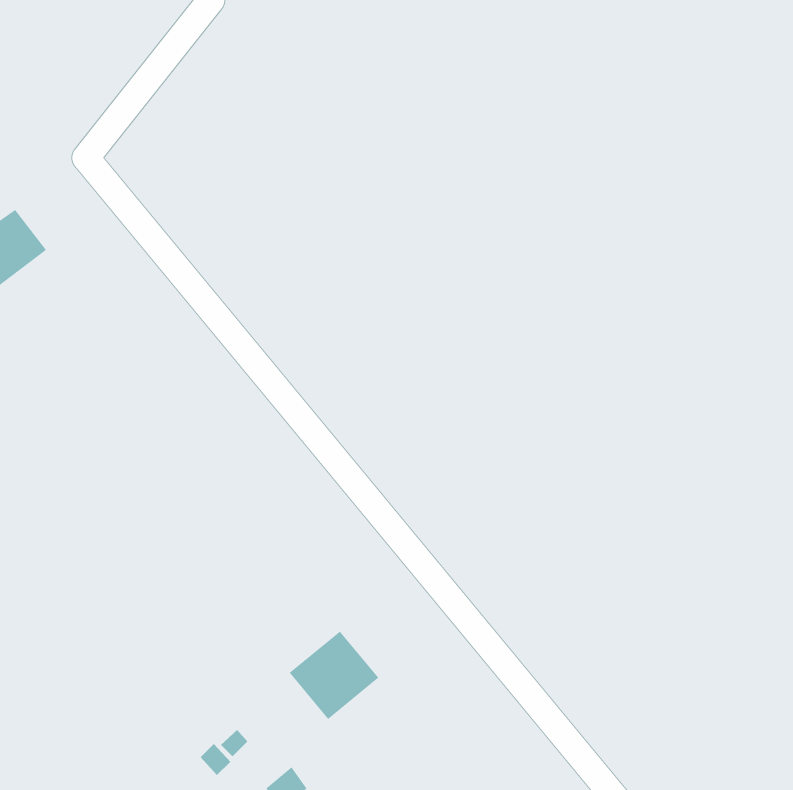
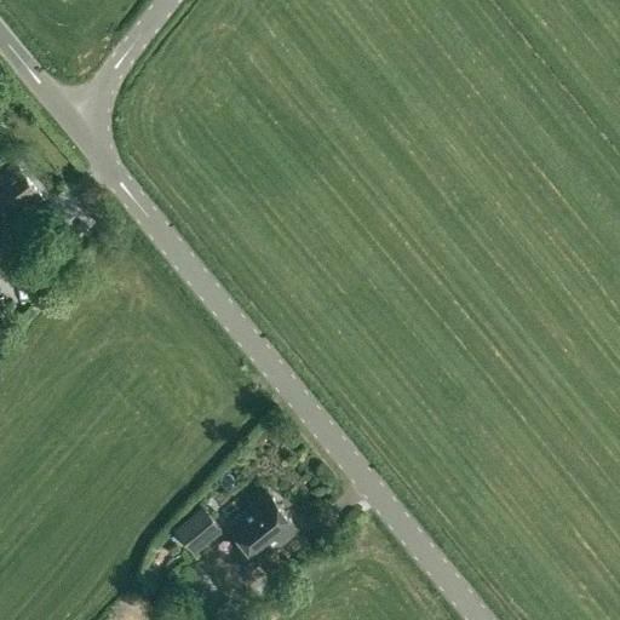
building: none -> [173,511,220,557]

